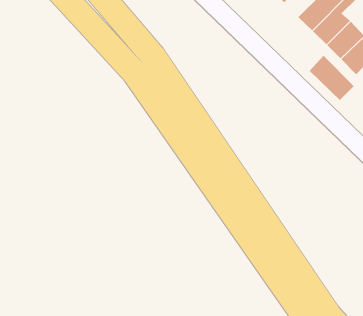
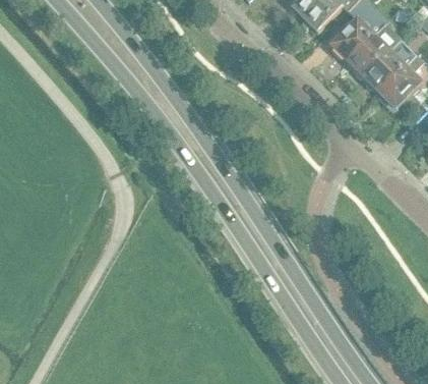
building: [309,55,355,101] -> none

